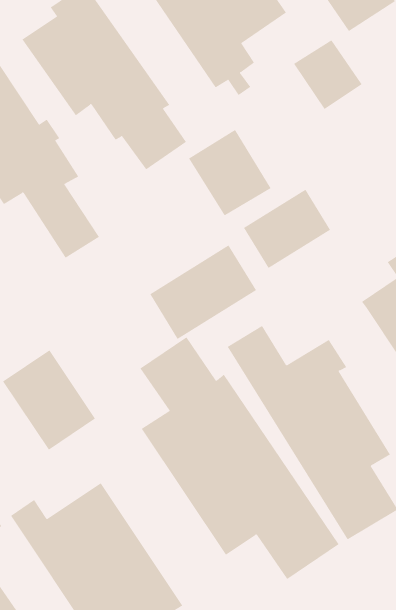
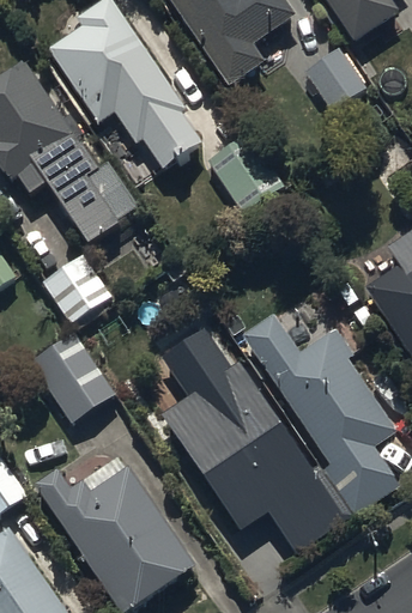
building: [243,189,331,269] -> none
building: [149,245,257,340] -> none
building: none -> [43,256,114,326]

